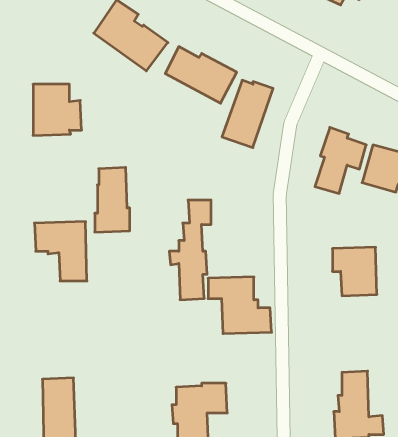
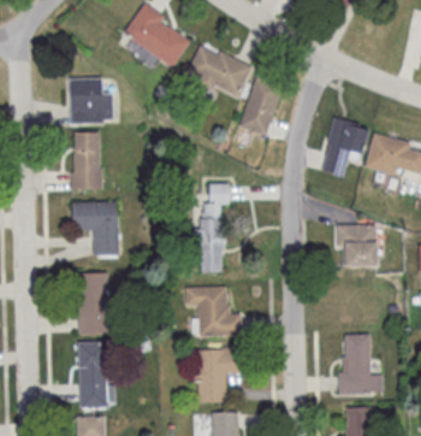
building: [95,167,130,232] -> [71,132,102,190]
building: [208,277,272,334] -> [185,287,242,337]
building: none -> [77,273,115,335]

